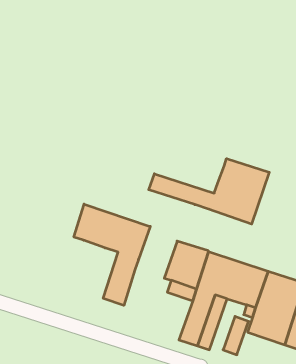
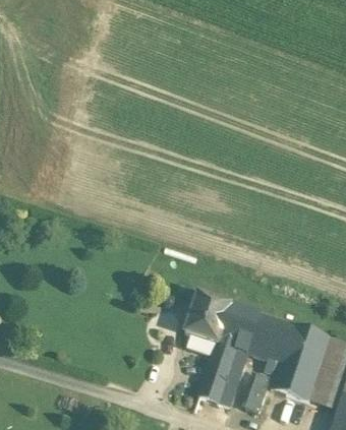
building: [149,159,269,224] -> none
building: [74,204,150,305] -> none

